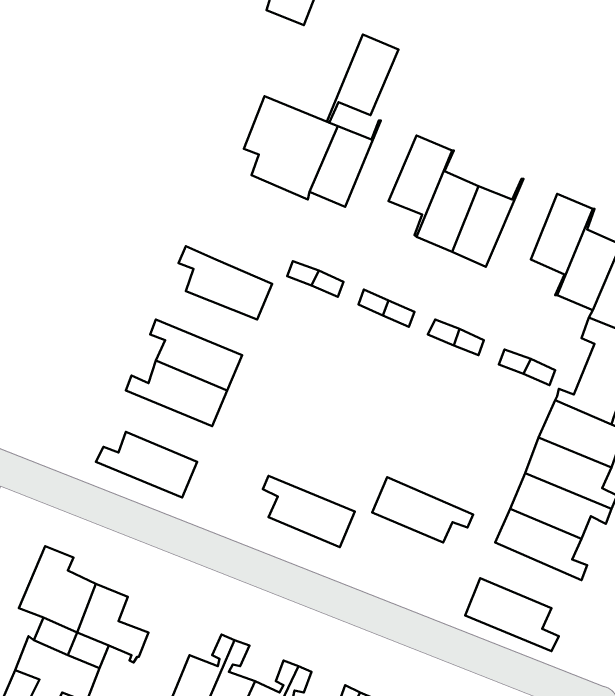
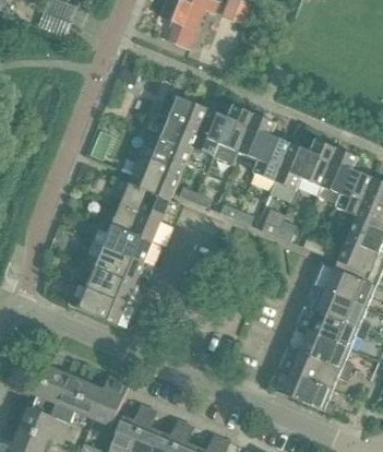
building: [327,35,399,123] -> [212,105,253,156]
building: none -> [130,134,190,200]
building: none -> [294,139,335,190]
building: none -> [101,204,160,241]
building: [263,476,355,547] -> [81,262,134,304]
building: [372,477,473,543] -> [290,350,349,389]
building: none -> [80,376,128,426]

